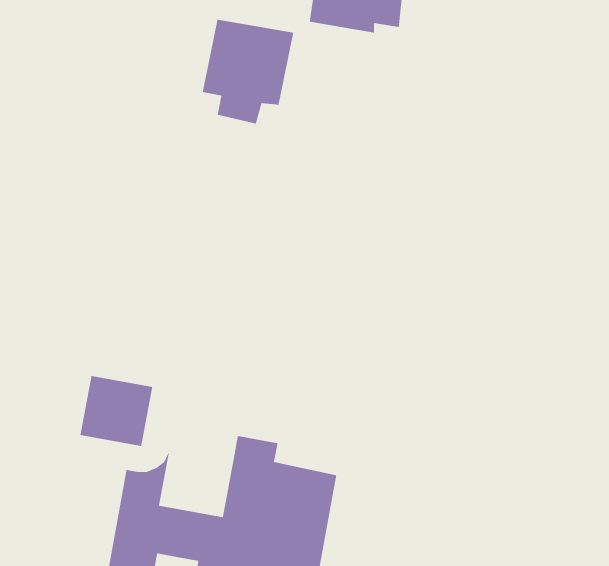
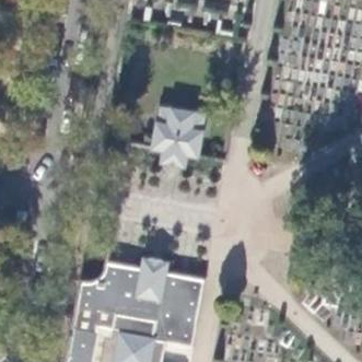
building: [202,19,294,125] -> [153,105,207,166]
building: [80,375,153,447] -> [100,261,142,303]

